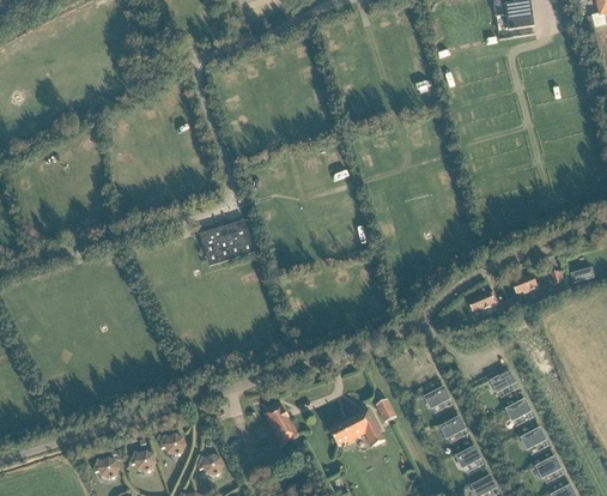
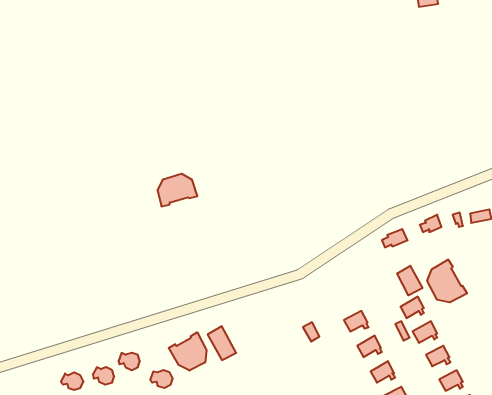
building: none -> [427,259,467,302]
building: none -> [397,266,422,295]
building: [328,409,383,447] -> none
building: none -> [169,332,206,371]

